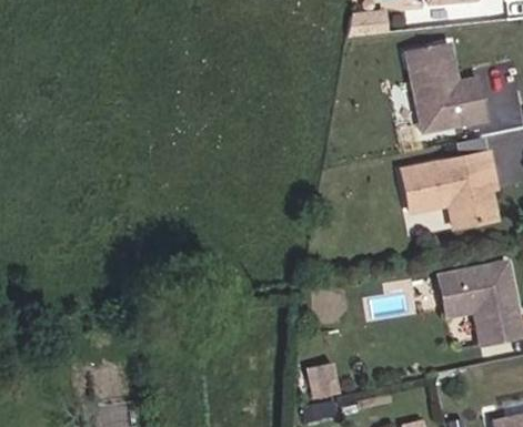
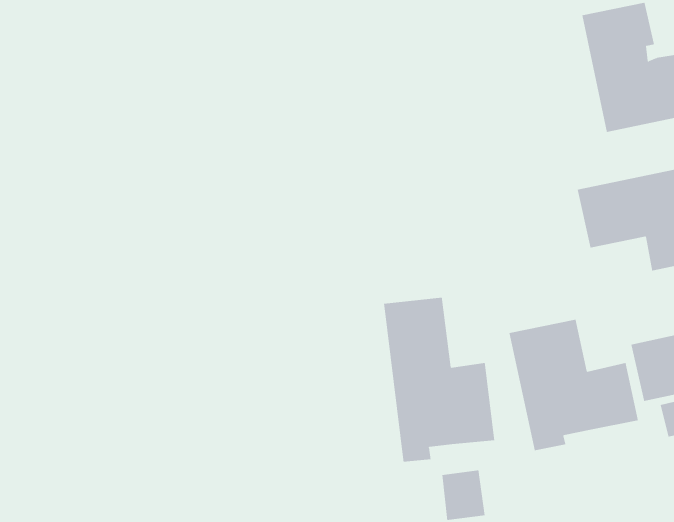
building: none -> [383,297,495,462]
building: none -> [509,319,638,451]

